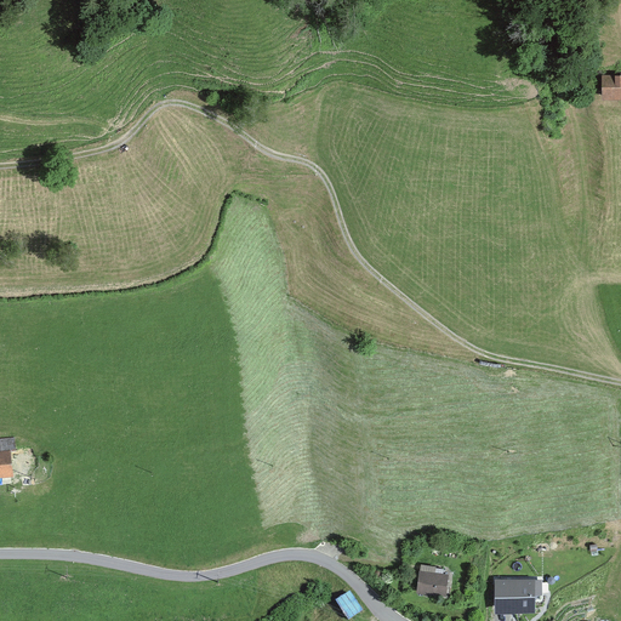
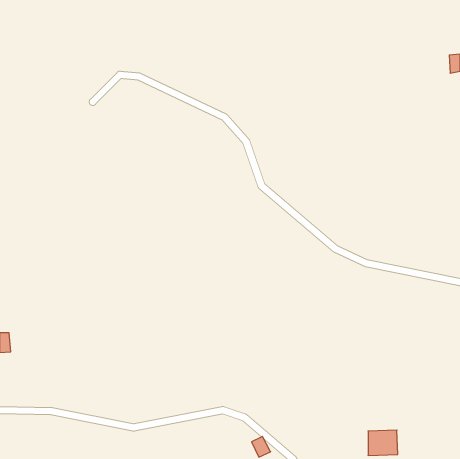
building: [415,569,449,596] -> none

